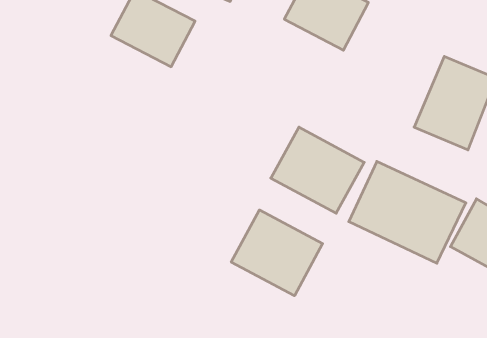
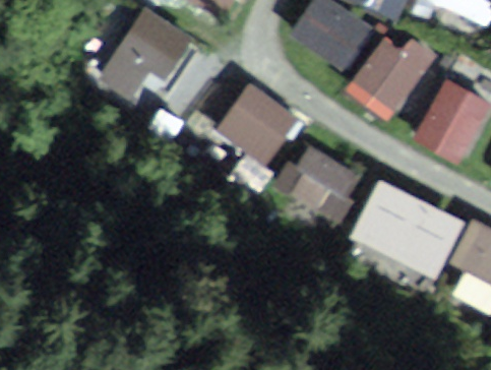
building: none -> [344,32,430,121]
building: none -> [213,83,298,166]
building: [231,210,323,296] -> none

